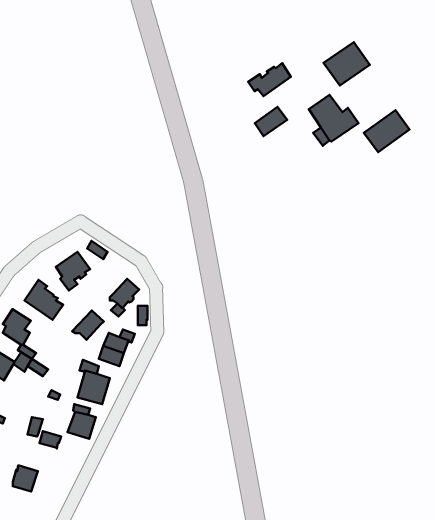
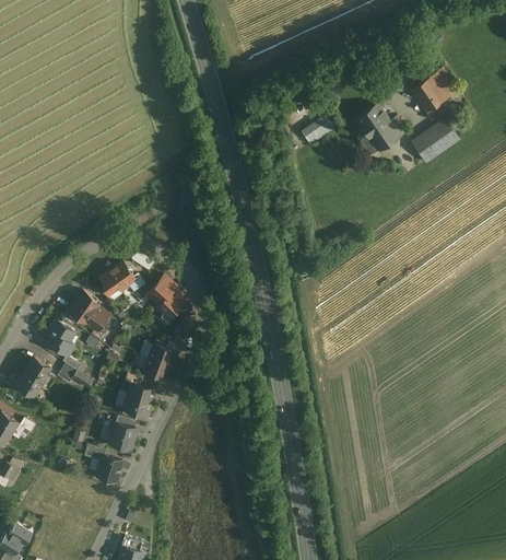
building: [323,42,370,85] -> [409,68,456,112]
building: [248,63,291,96] -> none
building: [72,311,104,340] -> [143,276,175,305]
building: [13,466,38,492] -> [96,456,121,482]

